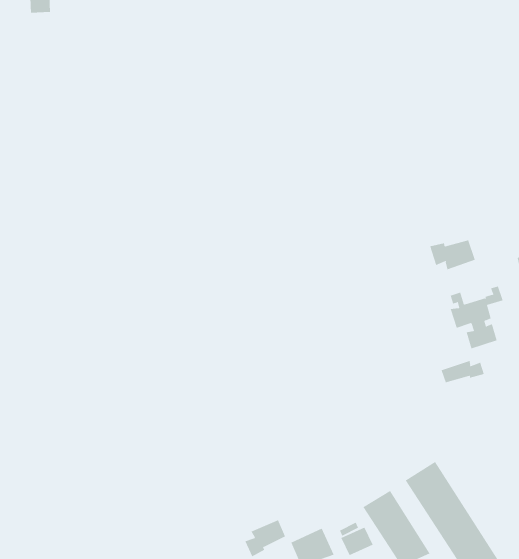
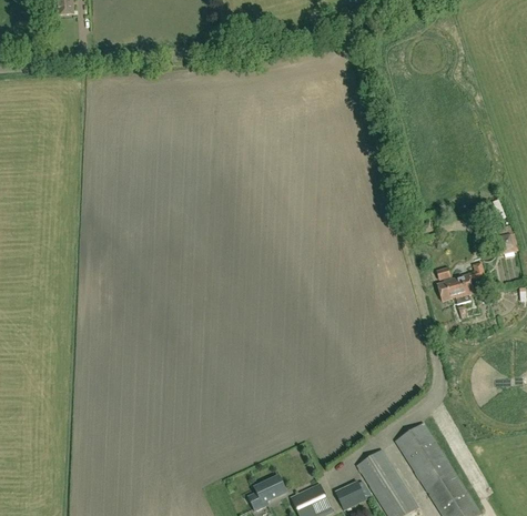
building: [430,239,476,270] -> none
building: [441,360,485,383] -> none

